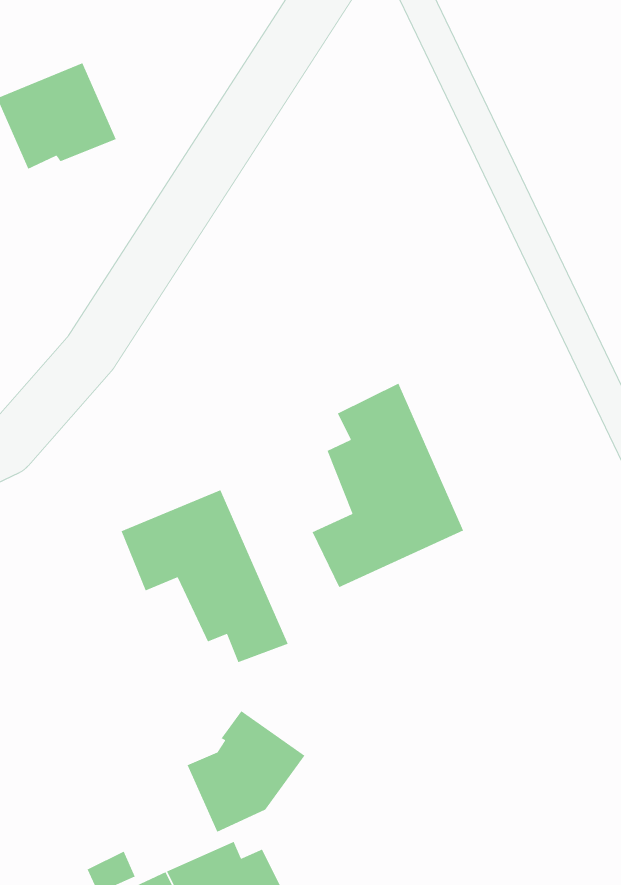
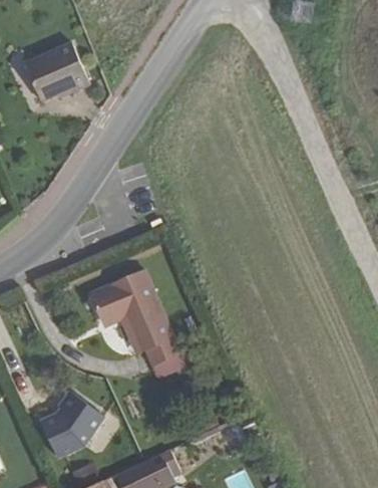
building: [311,383,464,588] -> none
building: [186,710,306,833] -> [39,392,102,457]

